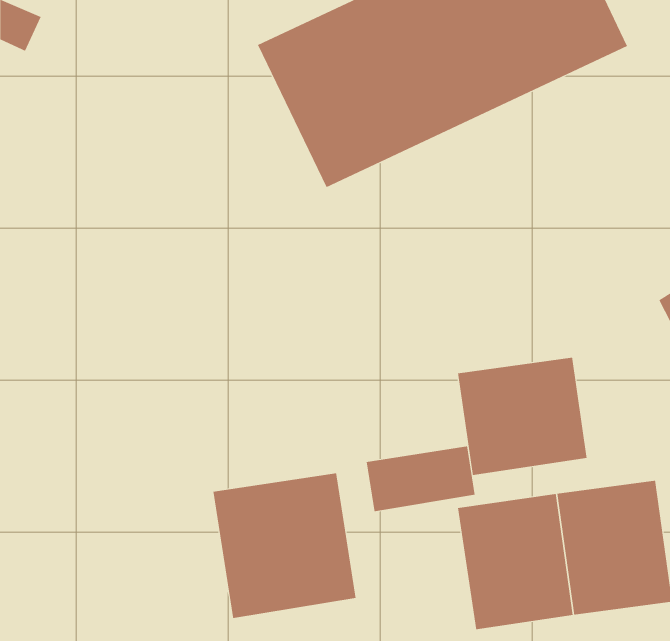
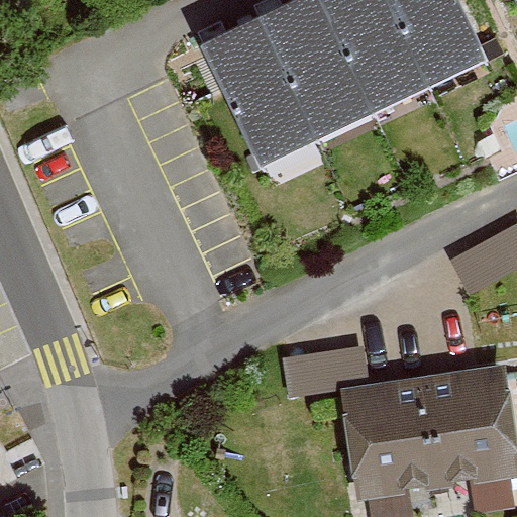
building: [457,357,587,476] -> none
building: [213,473,356,619] -> none

